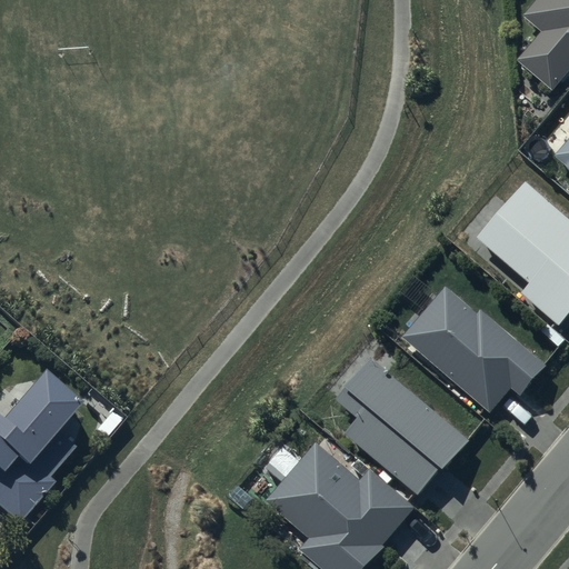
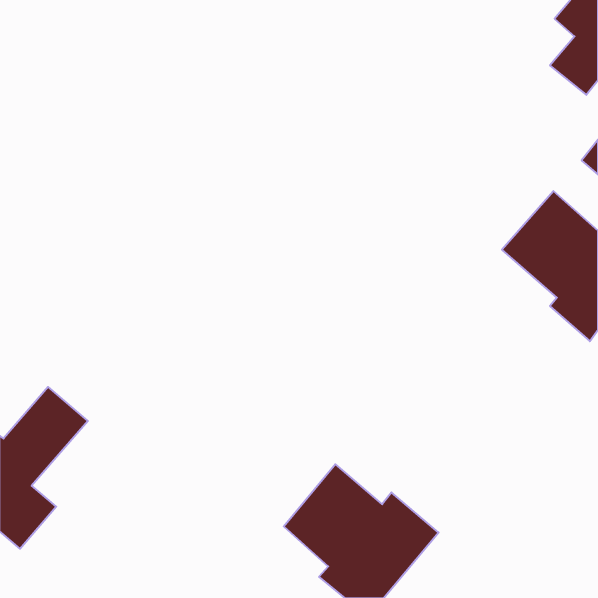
building: [405,289,548,413] -> none
building: [335,359,466,497] -> none

